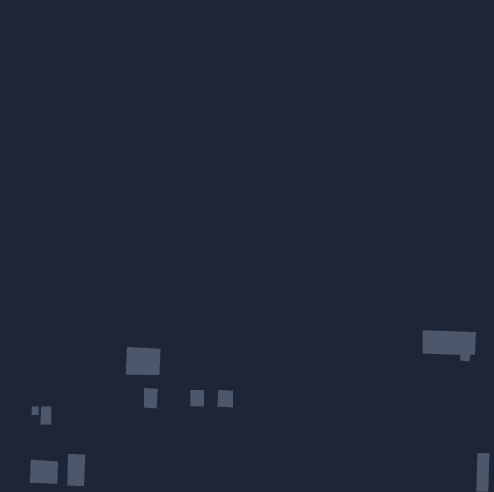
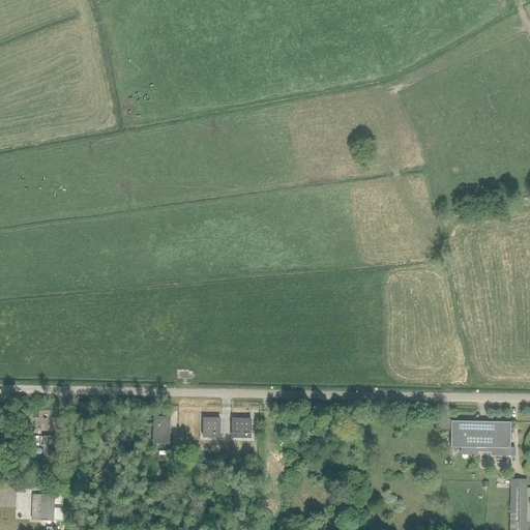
building: [422,330,477,362] -> [451,419,510,453]
building: [125,346,161,376] -> none
building: [67,453,86,487] -> none

